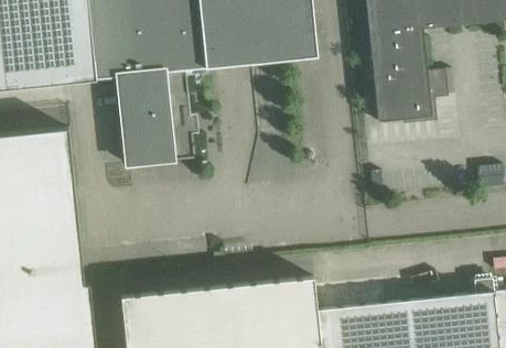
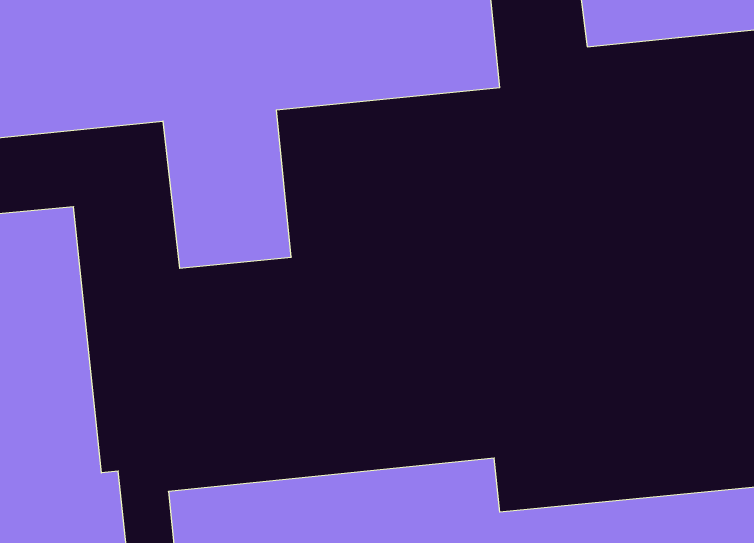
building: [369,28,452,121] -> none

